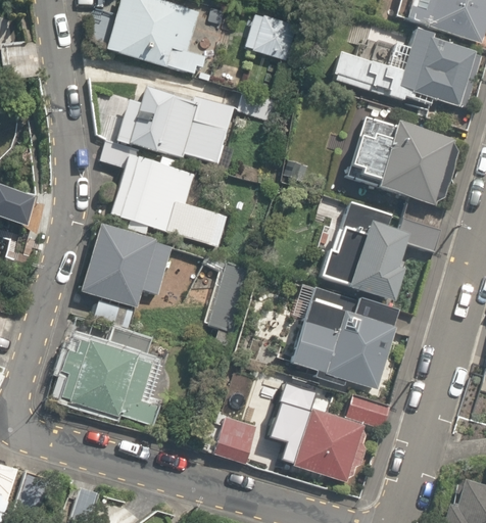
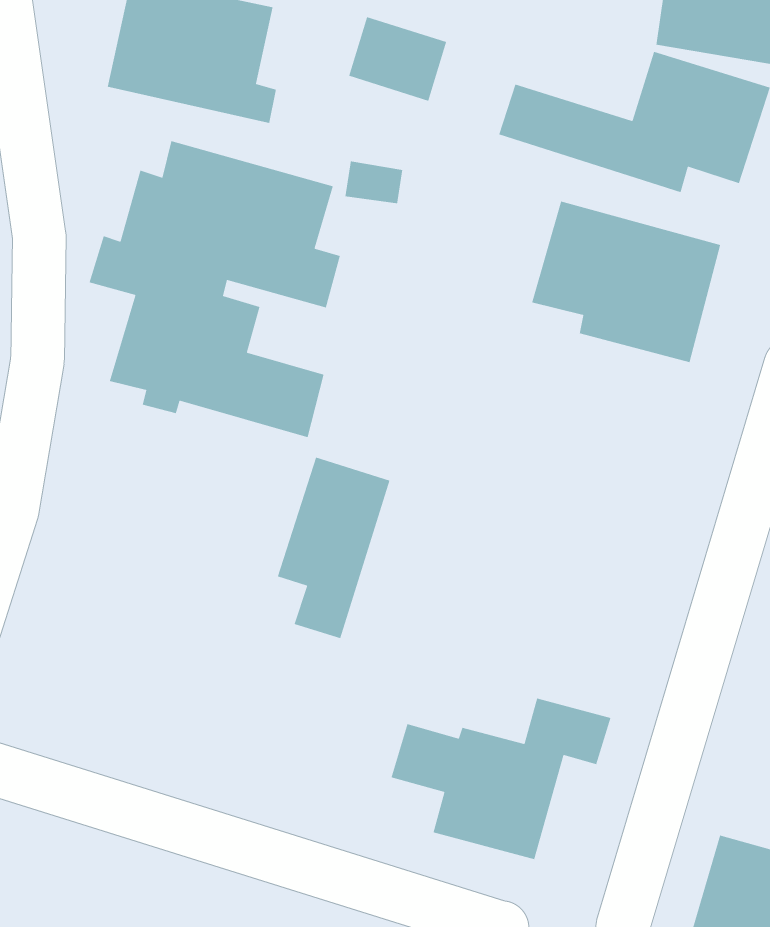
building: [318,199,443,301] -> none
building: [80,224,174,307] -> none
building: [292,293,402,390] -> none
building: [59,337,165,428] -> none
building: [213,416,265,459] -> none

